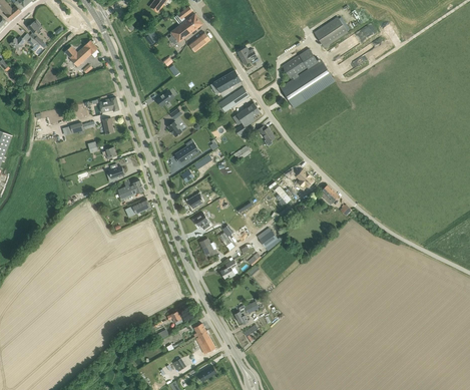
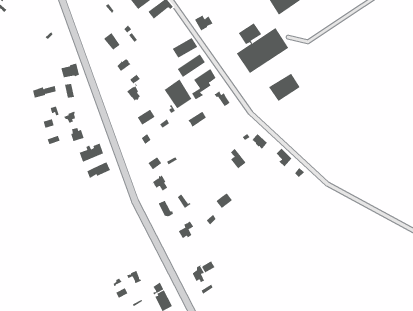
building: [64,40,97,66] -> none
building: none -> [268,73,301,102]
building: none -> [164,79,192,109]

